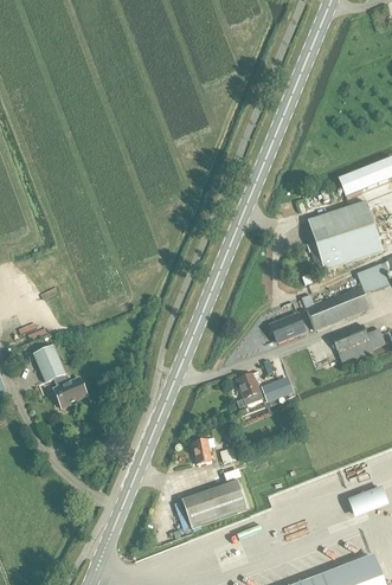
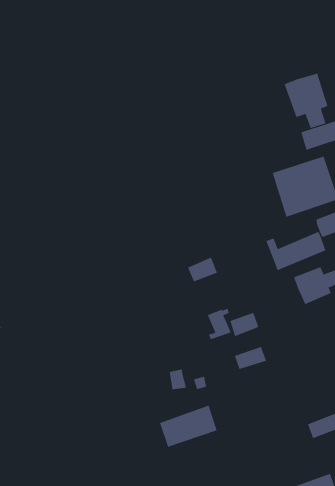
building: none -> [284,73,328,129]
building: [270,313,304,341] -> [187,257,218,282]
building: [34,345,88,407] -> none
building: none -> [234,346,267,370]

